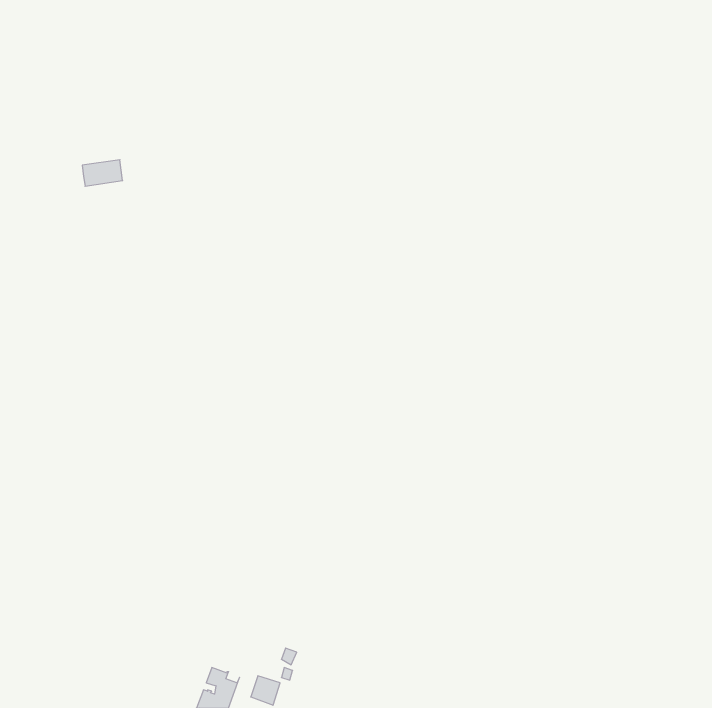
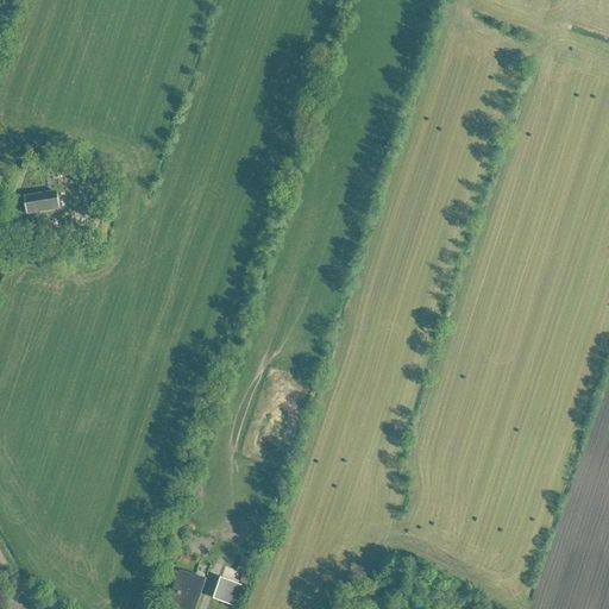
building: [82,160,123,186] -> [24,189,58,212]

